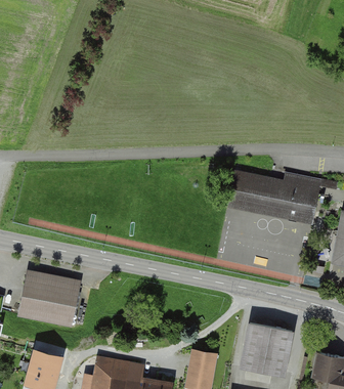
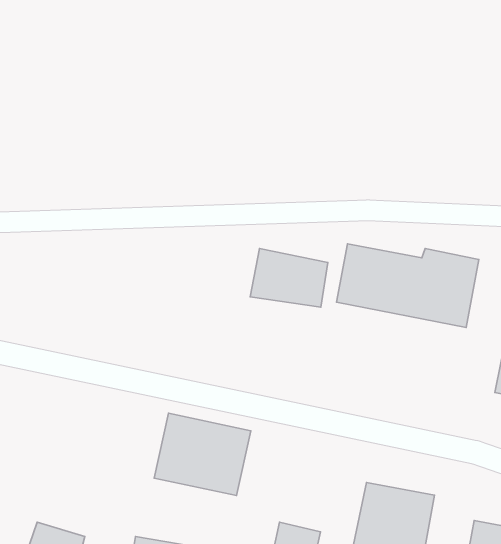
building: none -> [250,248,328,307]
building: [16,269,79,322] -> [154,413,251,496]

